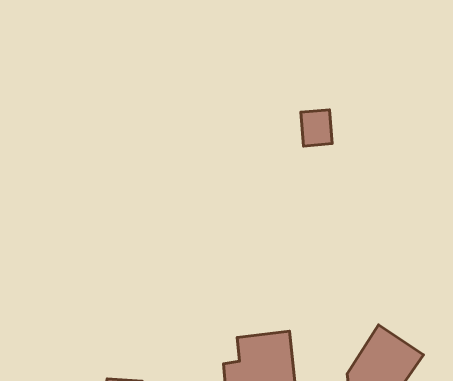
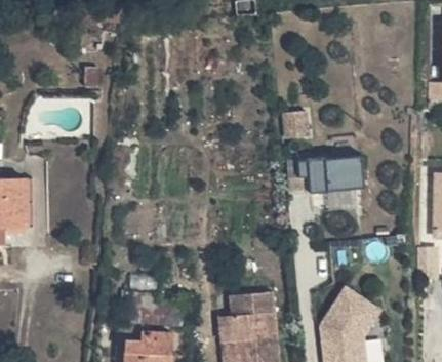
building: none -> [296,155,362,193]

